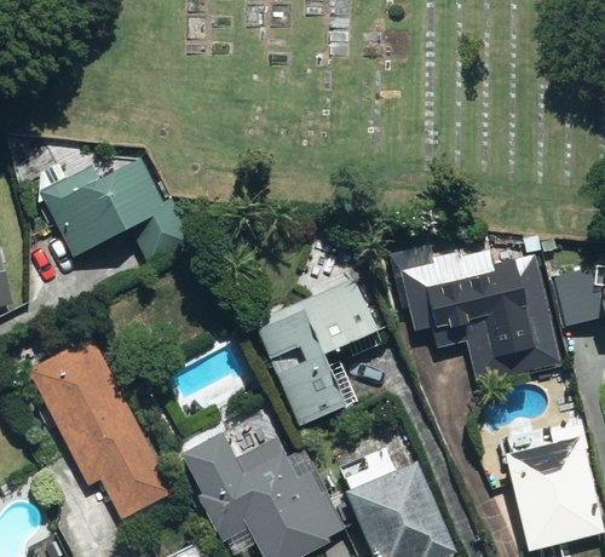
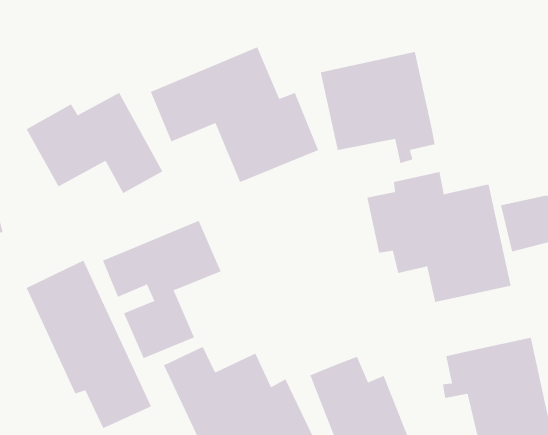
building: none -> [150,46,319,183]
building: none -> [320,51,435,164]
building: [252,275,381,425] -> [102,220,221,359]

